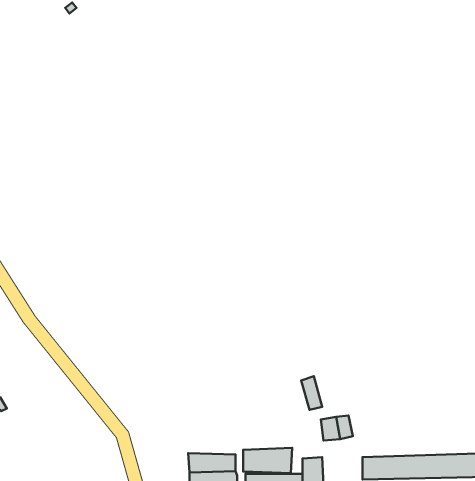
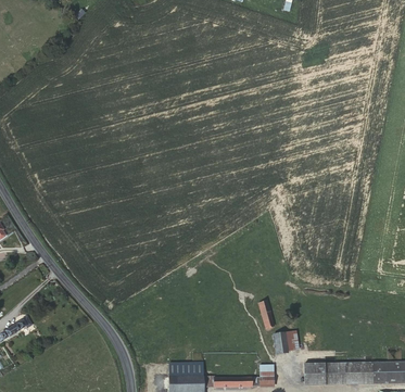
building: [243,448,292,473] -> none

